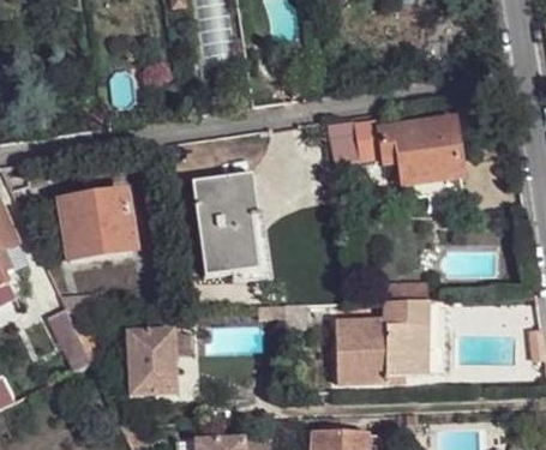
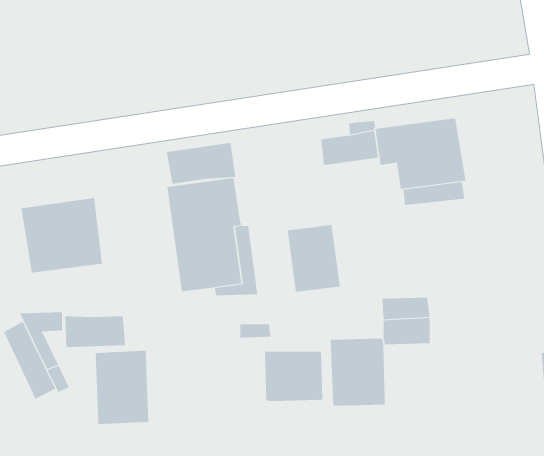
building: none -> [166,142,236,184]
building: none -> [287,224,340,292]
building: none -> [65,315,125,348]
building: [388,322,432,373] -> none
building: none -> [265,351,323,402]

